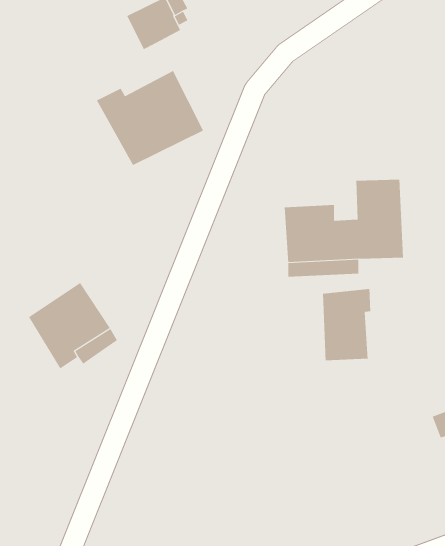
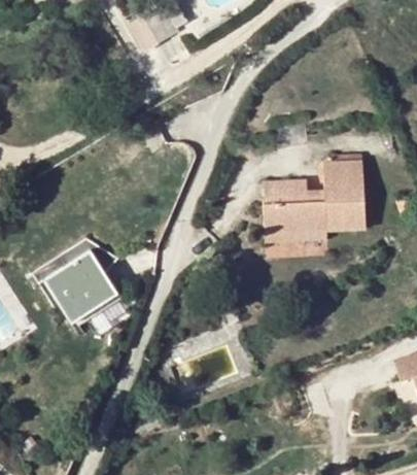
building: [96,70,204,166] -> none
building: [323,288,371,361] -> none

